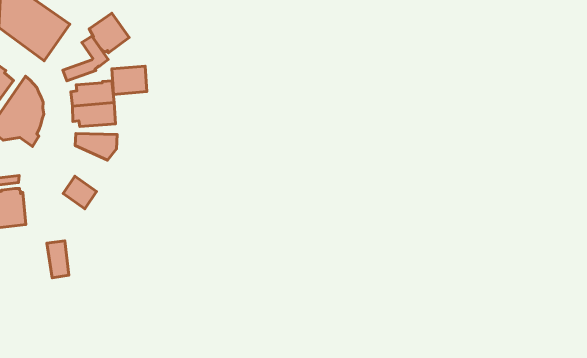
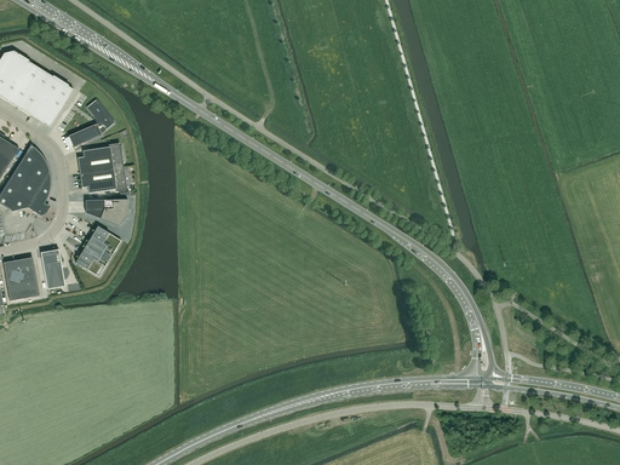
building: [89,13,129,53] -> none
building: [112,66,147,94] -> none
building: none -> [86,224,121,257]
building: [47,241,69,278] -> [40,248,64,287]

